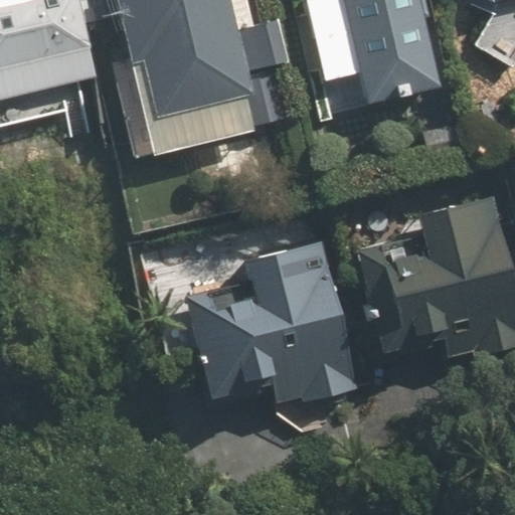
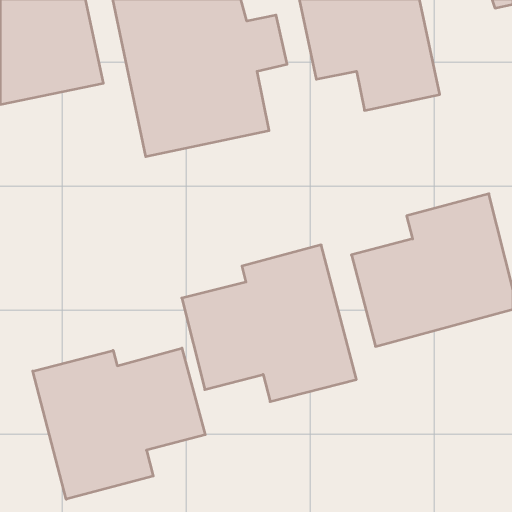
building: none -> [33,348,205,499]

